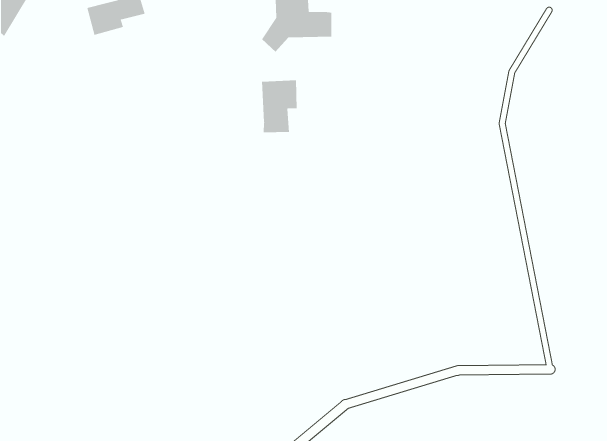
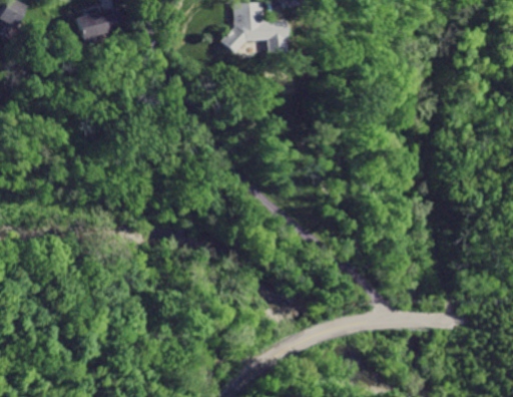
building: [261,80,297,133] -> none

